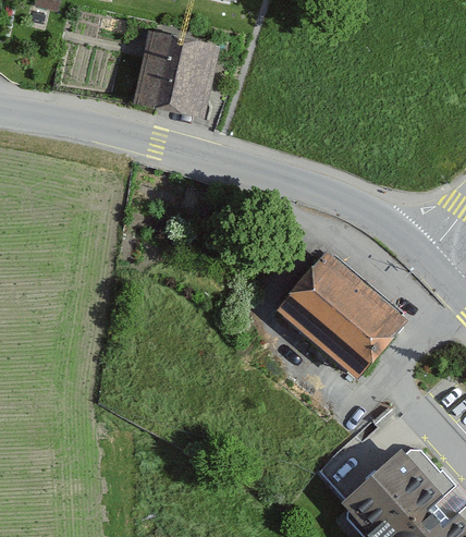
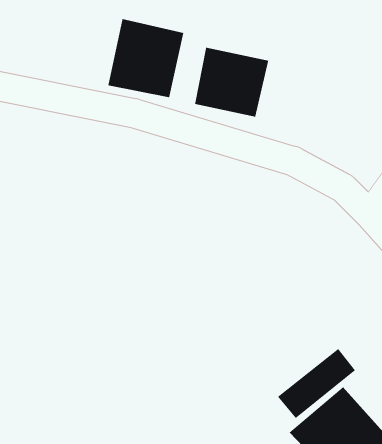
building: none -> [194,47,269,117]
building: [283,254,405,373] -> none

